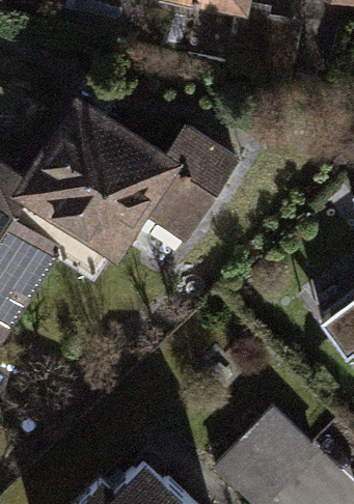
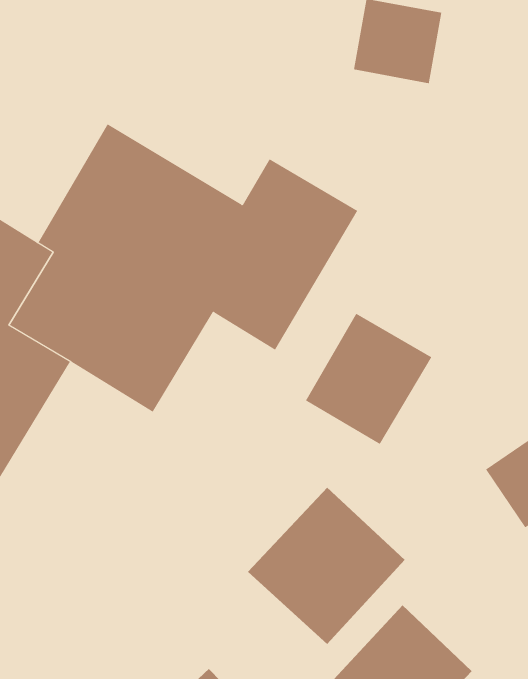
building: none -> [305,313,432,445]
building: none -> [247,487,405,645]

